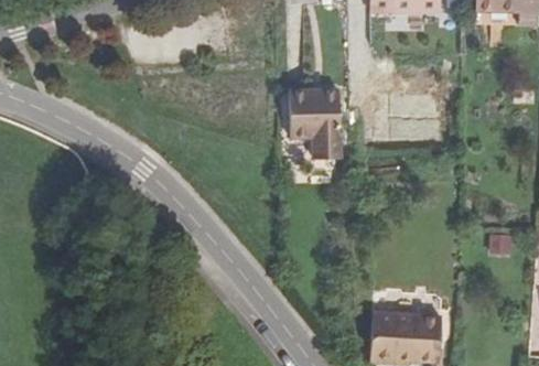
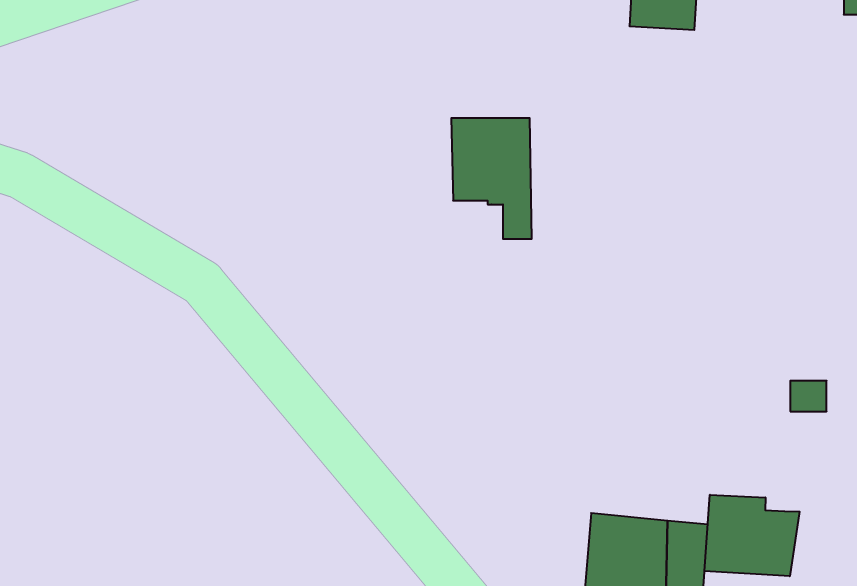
building: none -> [705,495,800,576]

